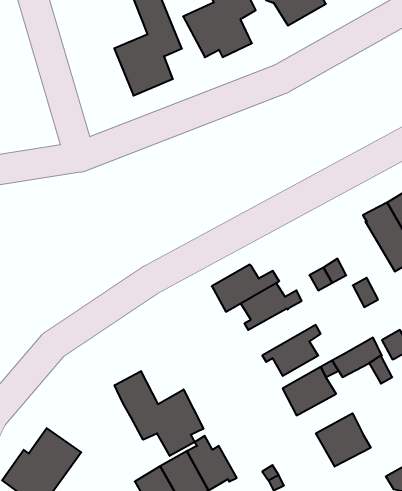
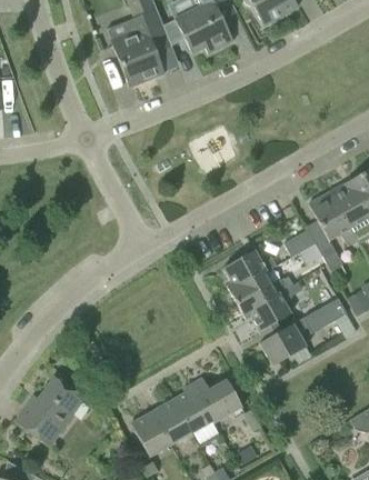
building: none -> [309,190,358,244]
building: [212,265,279,312] -> [230,271,289,312]
building: [115,371,203,456] -> none
building: [316,413,371,467] -> none
building: none -> [205,378,242,419]

